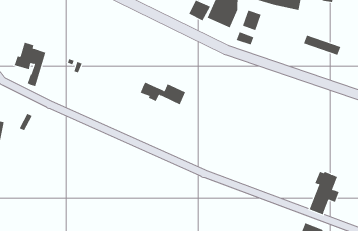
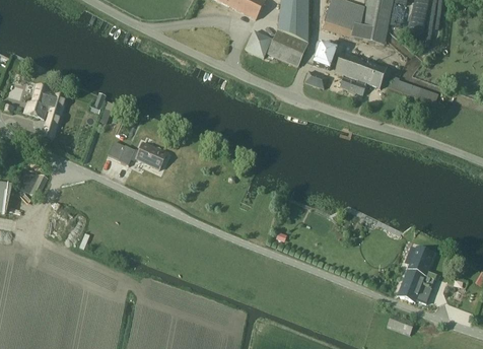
building: none -> [335,53,387,93]
building: [140,82,186,105] -> [109,140,166,169]

